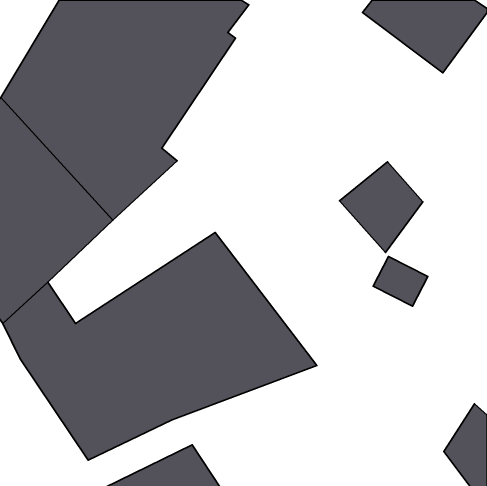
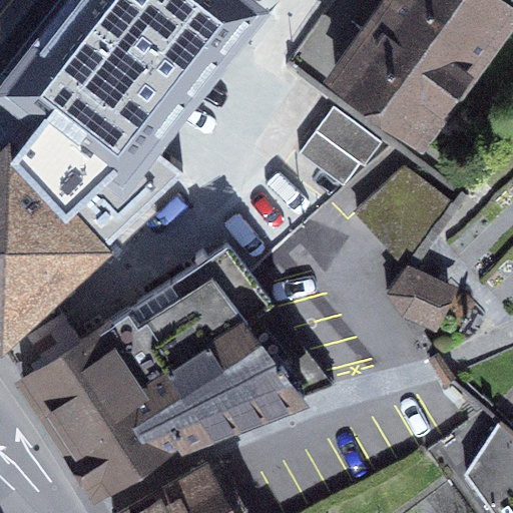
building: none -> [334,16,464,140]
building: none -> [298,110,379,191]

